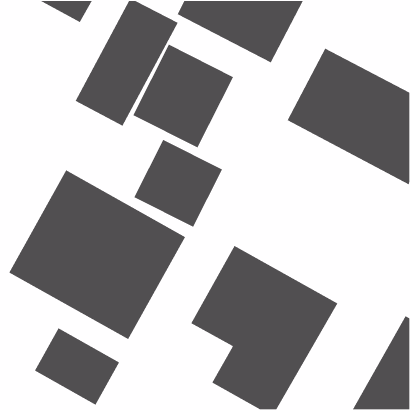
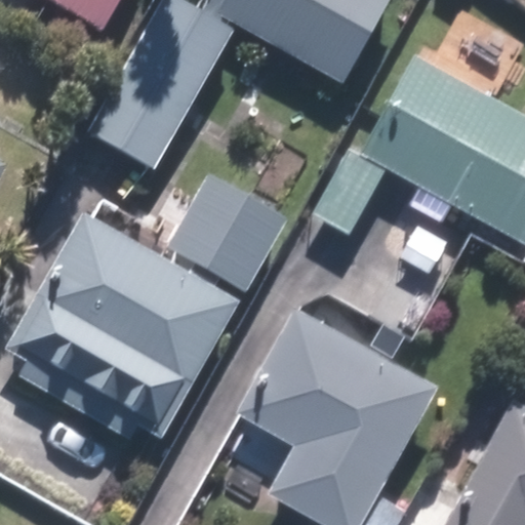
building: [132,43,234,149] -> none
building: [34,327,120,406] -> none

